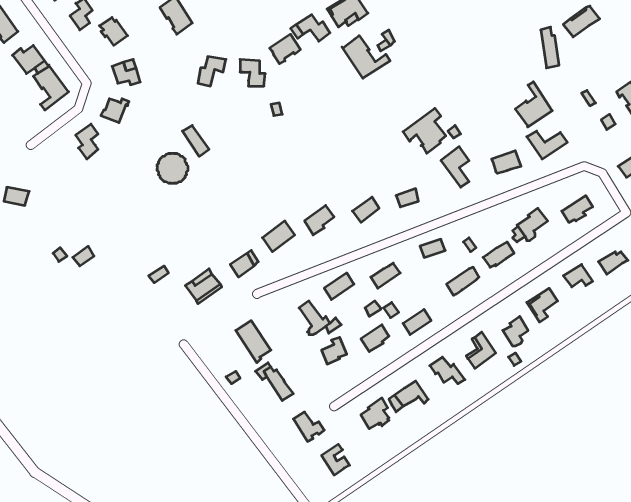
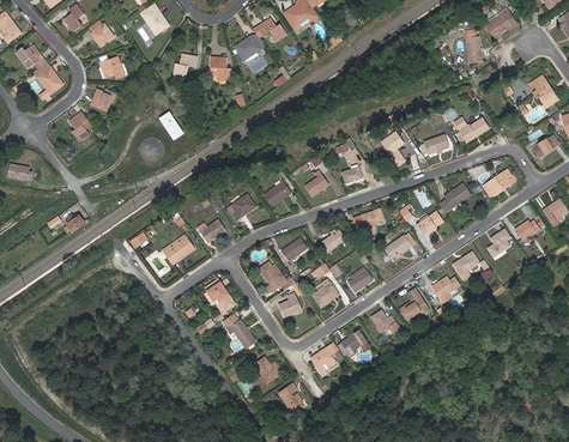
building: [342,36,390,78] -> none
building: [515,82,552,127] -> none
building: [403,108,446,153] -> none

